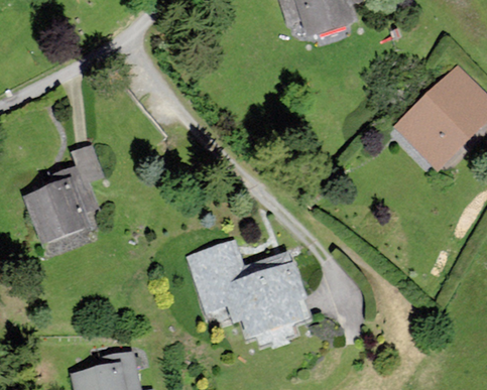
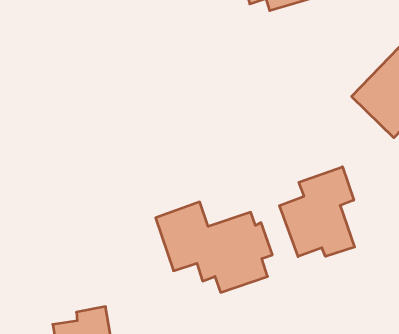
building: [26,145,101,253] -> none
building: none -> [279,167,355,257]

